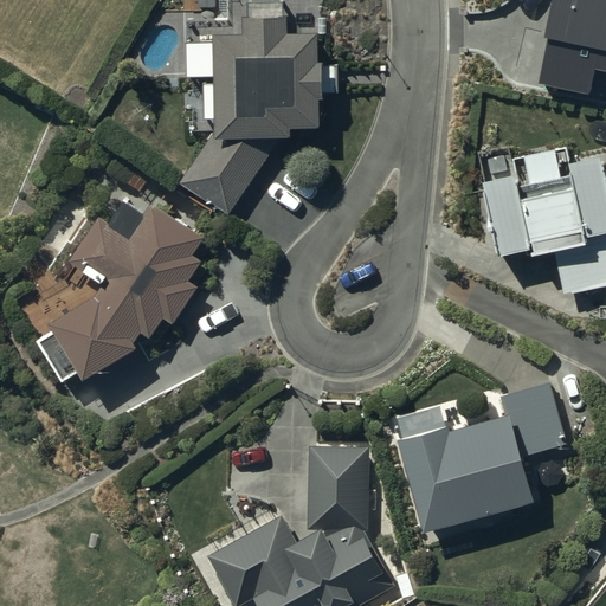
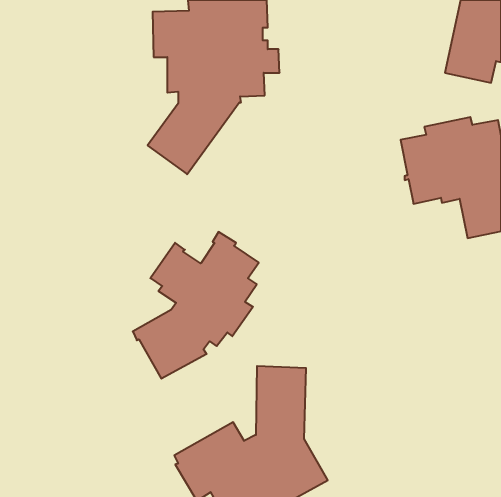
building: [51,198,202,374] -> [133,232,259,379]
building: [402,393,572,542] -> none

